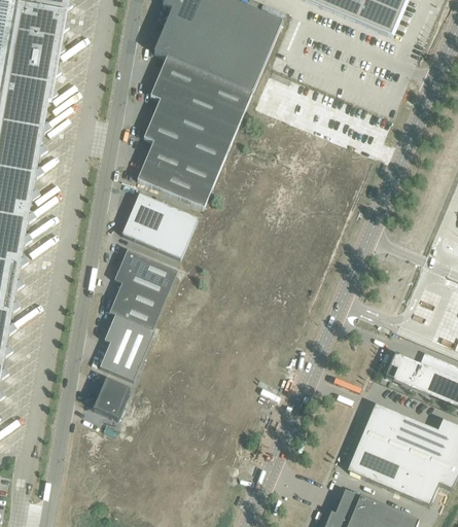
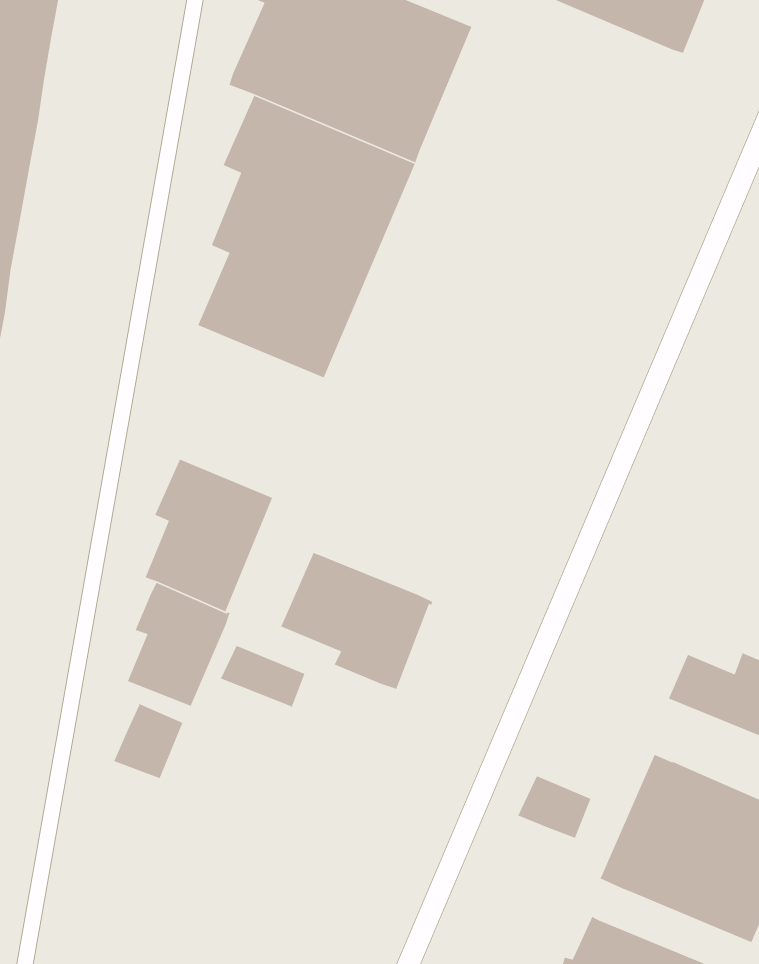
building: [121,194,197,258] -> none
building: none -> [280,552,433,690]
building: none -> [220,645,305,708]
building: none -> [517,775,592,839]

